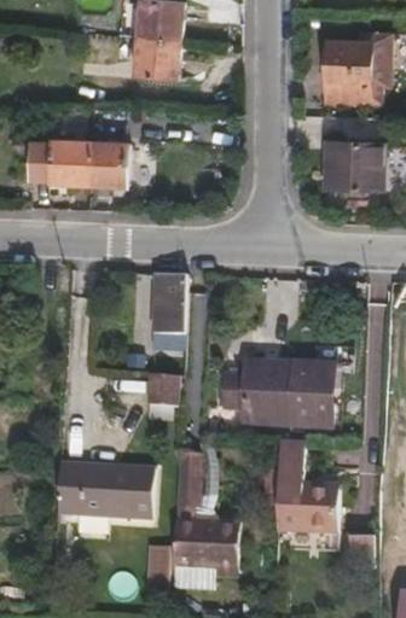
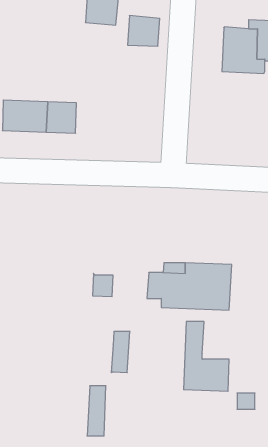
building: [139,36,182,77] -> [128,16,160,46]
building: [326,138,379,190] -> none
building: [149,273,191,354] -> none
building: [54,467,155,521] -> none
building: [173,520,238,578] -> none

